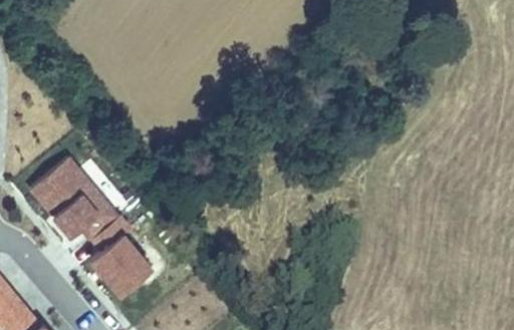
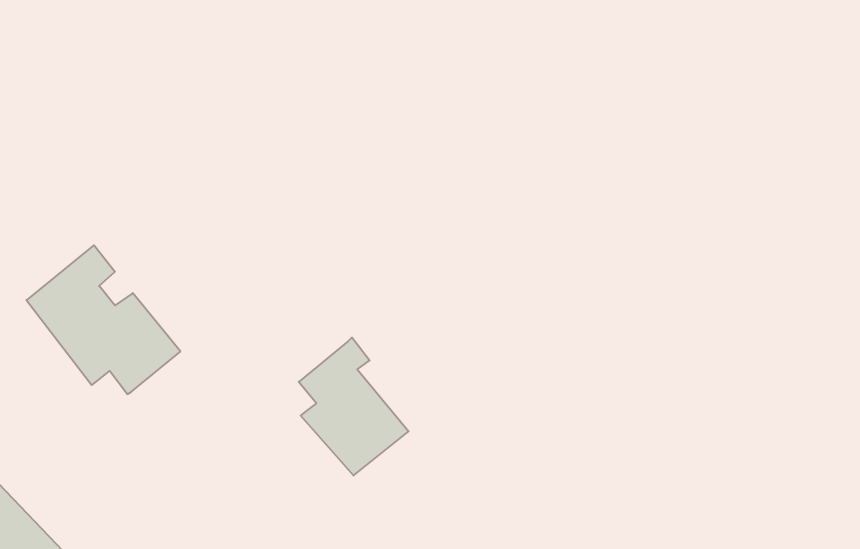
building: [87,213,150,291] -> [299,338,409,476]

